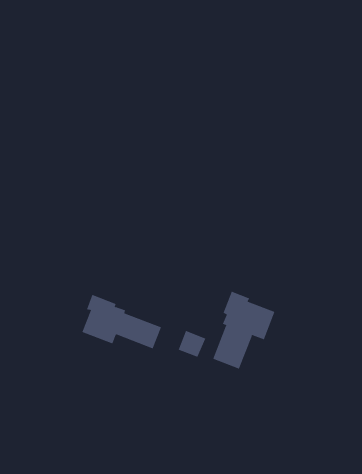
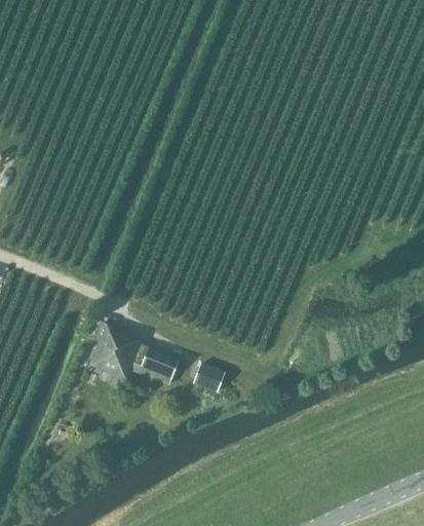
building: [212,291,275,370] -> none

